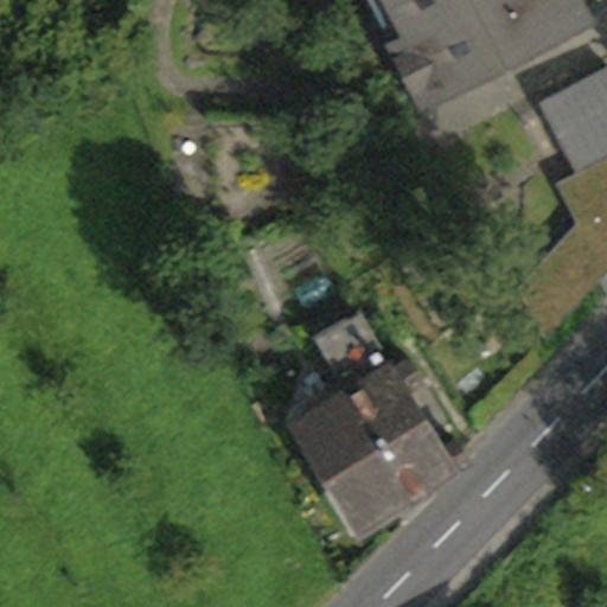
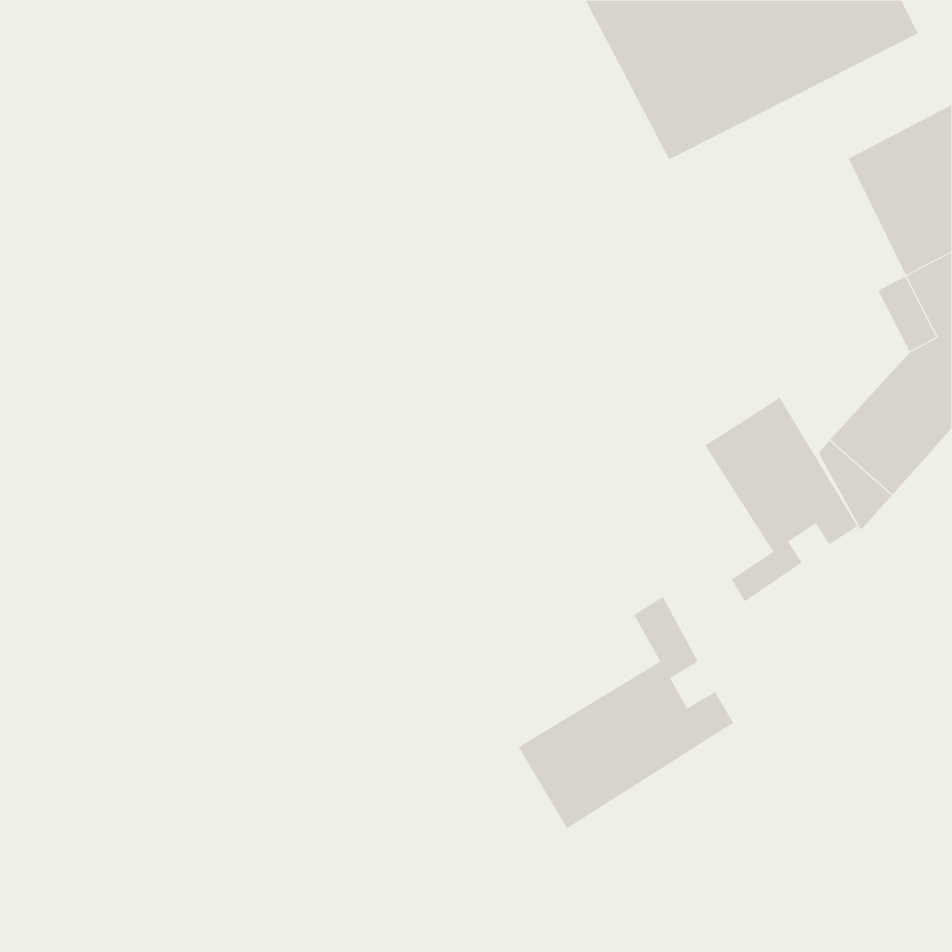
building: none -> [704,397,858,602]
building: [299,314,422,475] -> none

